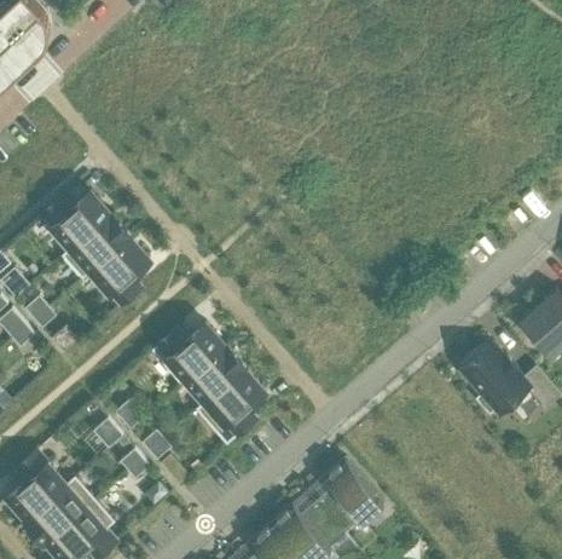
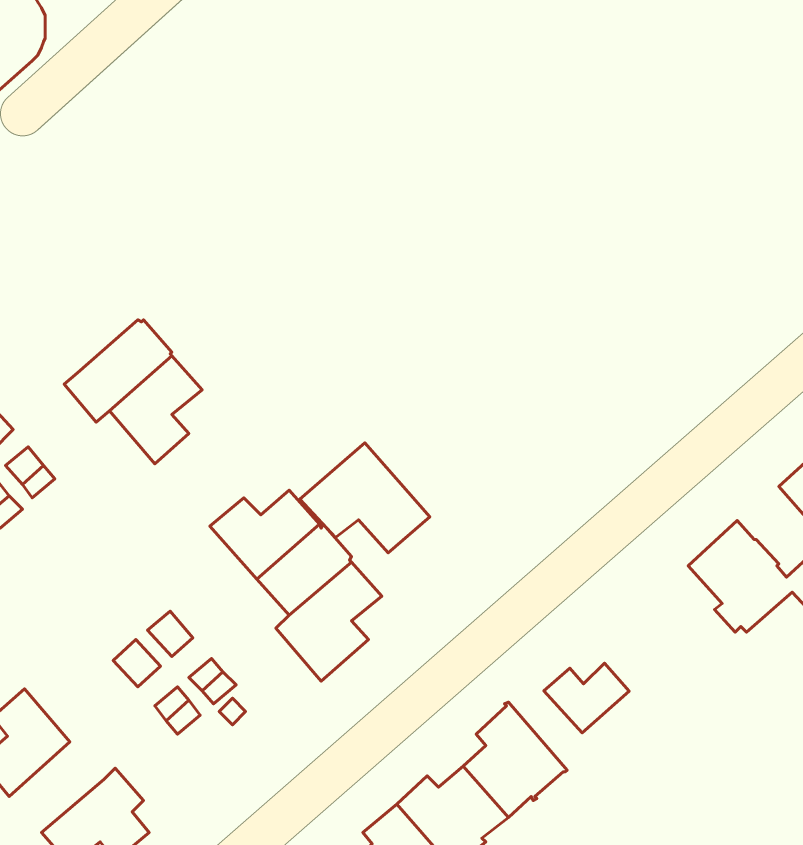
building: [40,194,109,249] -> none
building: none -> [300,443,430,553]
building: none -> [544,663,629,733]
building: [27,478,94,543] -> none

